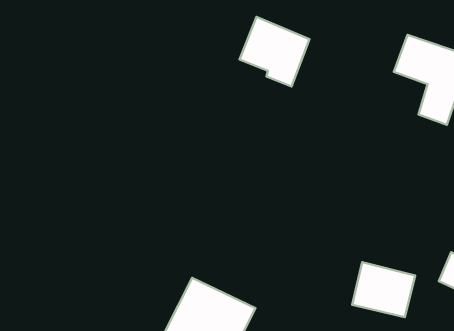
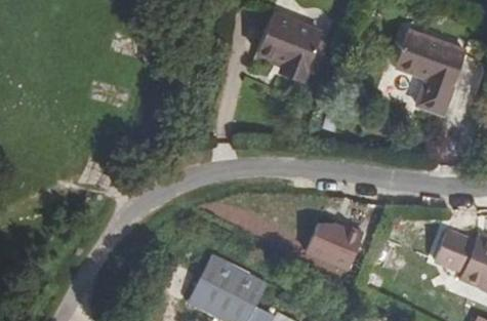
building: [352,262,415,317] -> [305,215,362,266]

